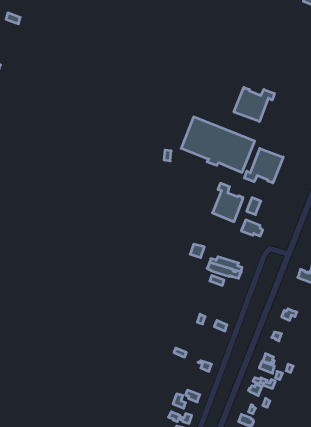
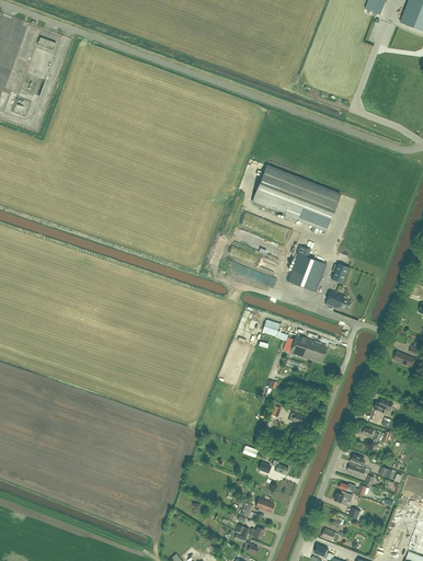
building: [234,87,274,122] -> none
building: [244,148,283,183] -> none

